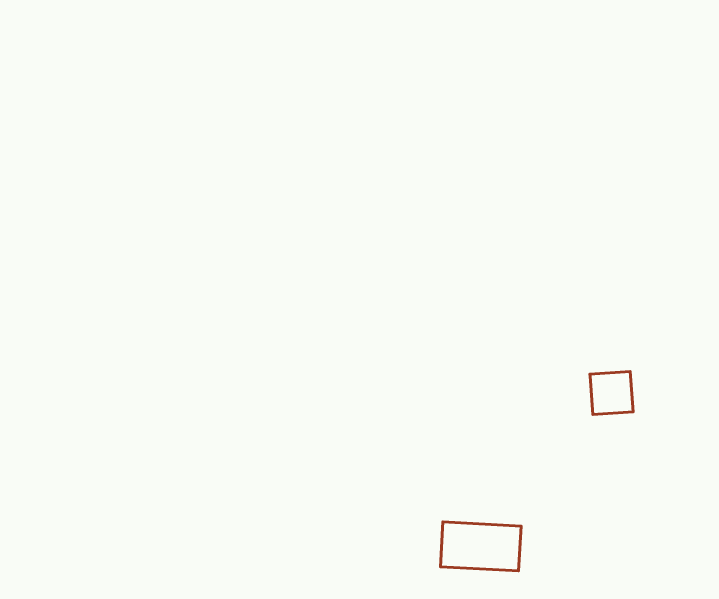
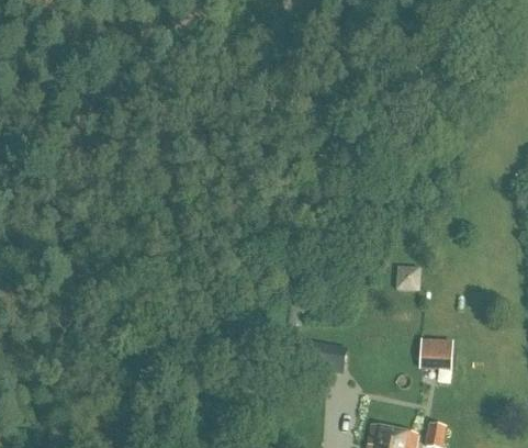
building: none -> [419,339,452,370]

